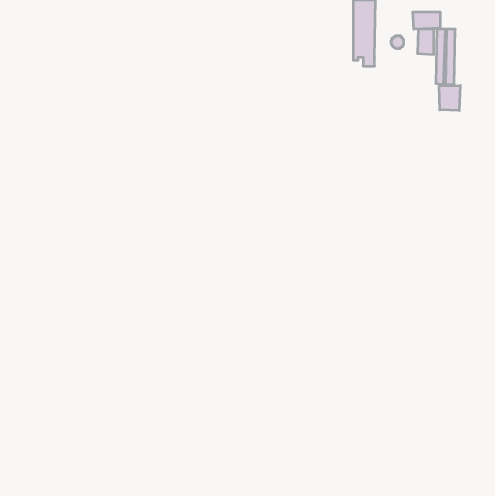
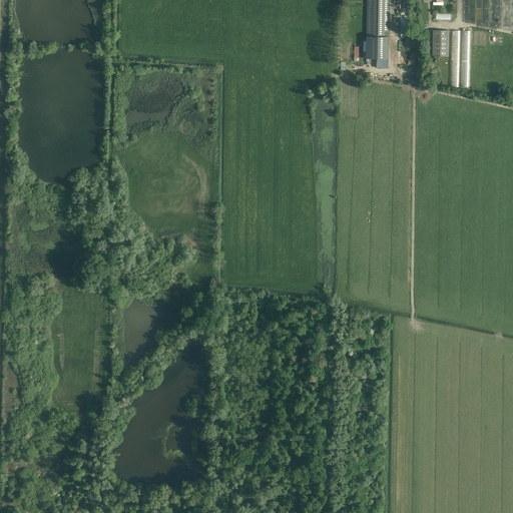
building: [413,12,440,29] -> none
building: [439,85,460,111] -> none

